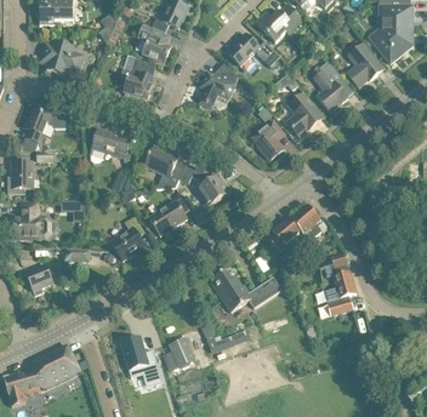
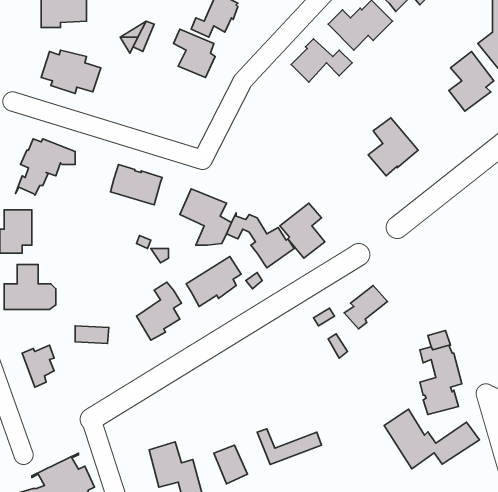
building: [119,53,155,98] -> none
building: [313,59,347,112] -> none
building: [199,67,238,108] -> none
building: [250,119,284,160] -> [280,203,325,258]
building: [289,204,321,241] -> none
building: [210,267,281,312] -> [384,409,479,469]

